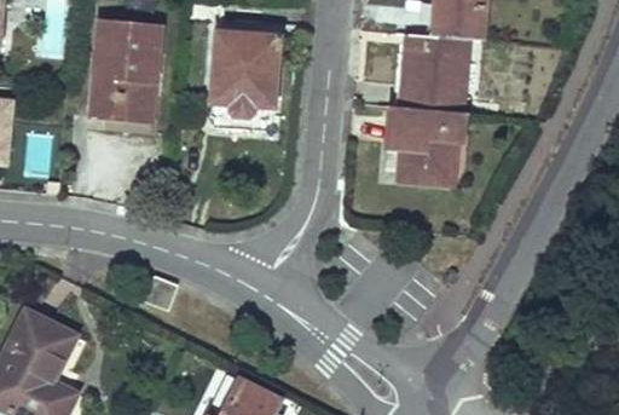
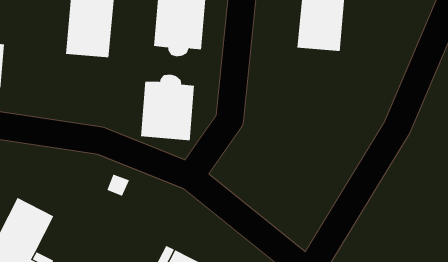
building: [387,105,464,184] -> none
building: none -> [140,74,195,141]

